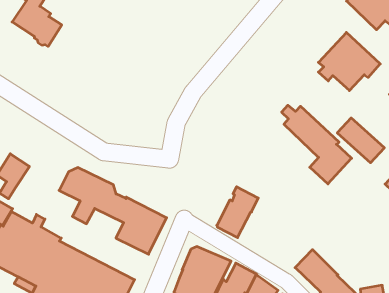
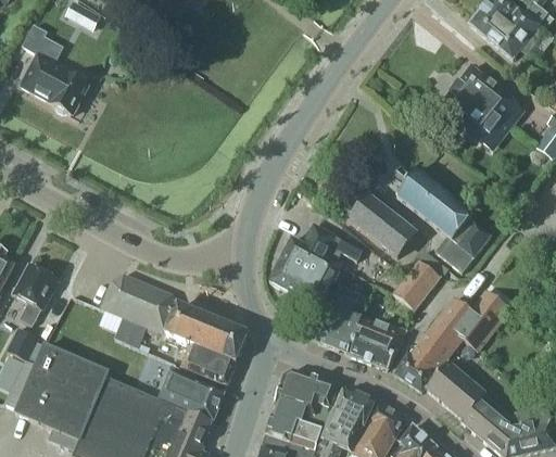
building: [337,118,384,163] -> [350,196,415,255]
building: none -> [269,224,363,306]
building: none -> [393,259,441,310]
building: none -> [394,289,514,391]
building: none -> [345,317,407,368]
building: none -> [146,352,224,418]

